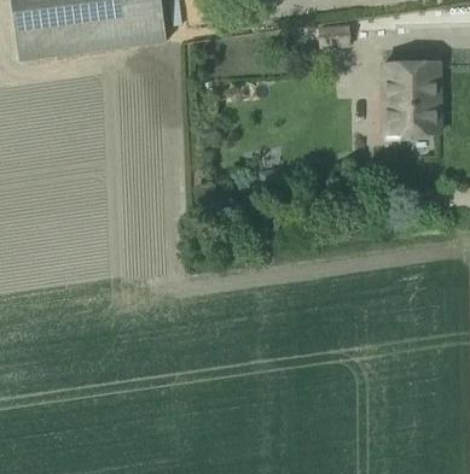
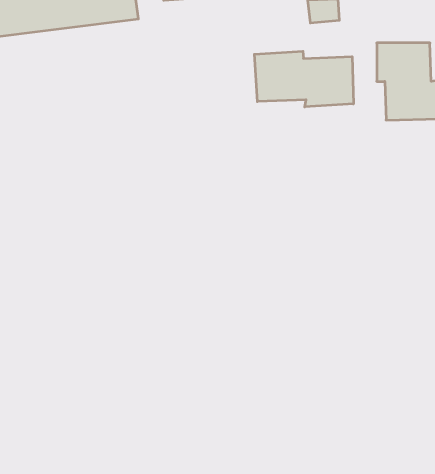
building: none -> [254,51,353,107]

